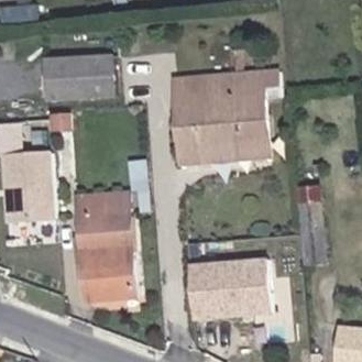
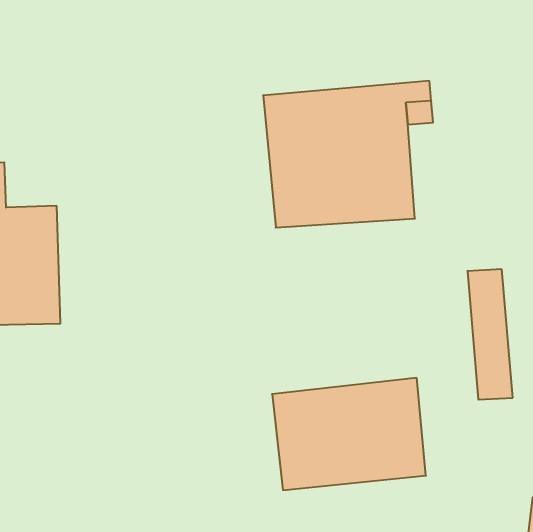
building: [42,54,112,101] -> none
building: [76,193,134,303] -> none

